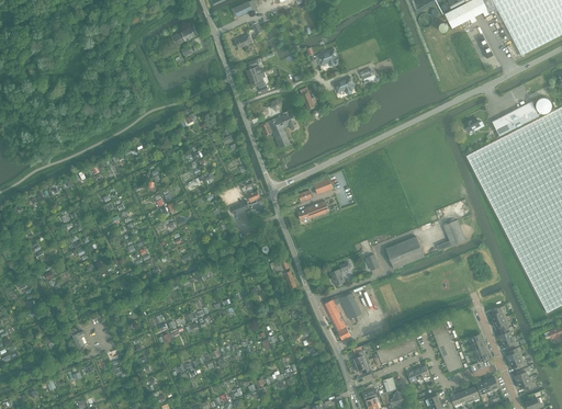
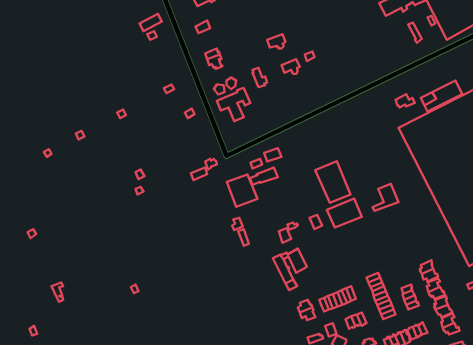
building: none -> [315,161,351,203]
building: none -> [227,175,257,207]

